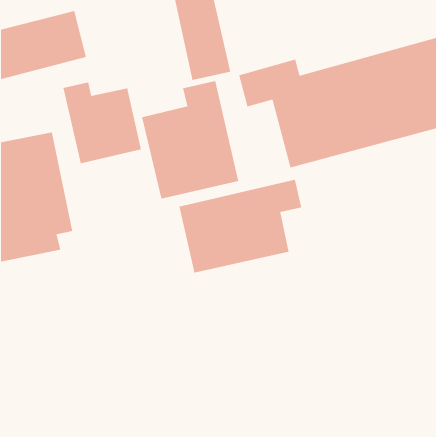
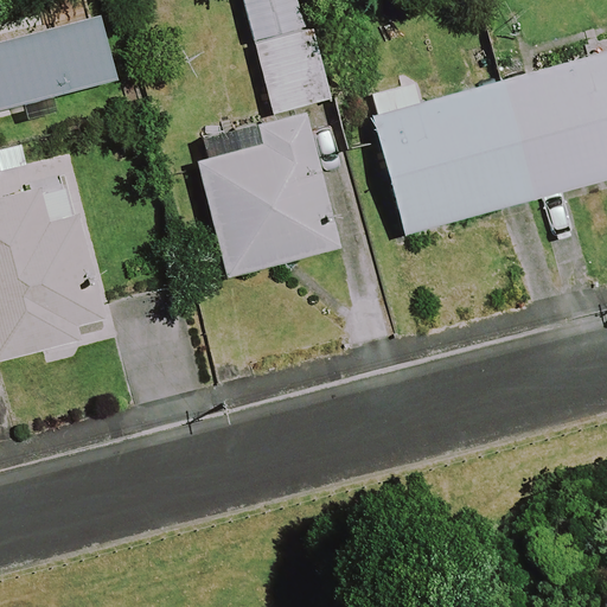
building: [62,82,142,164] -> none
building: [178,179,302,274] -> none

